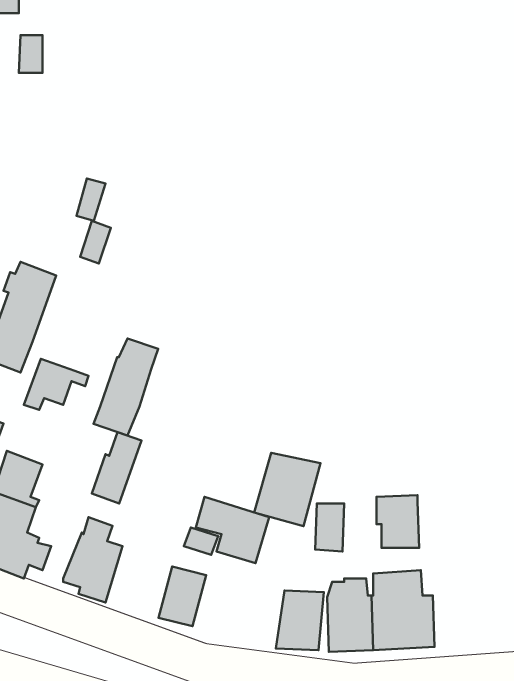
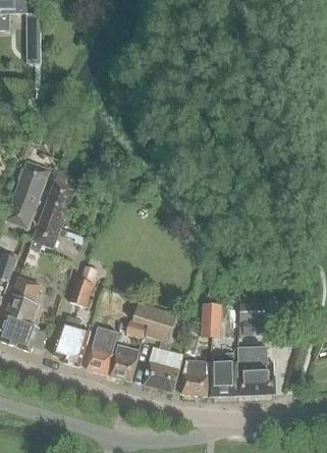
building: [93,339,158,436] -> [39,168,77,226]
building: [254,453,321,526] -> [142,347,181,391]
building: none -> [86,325,118,373]

